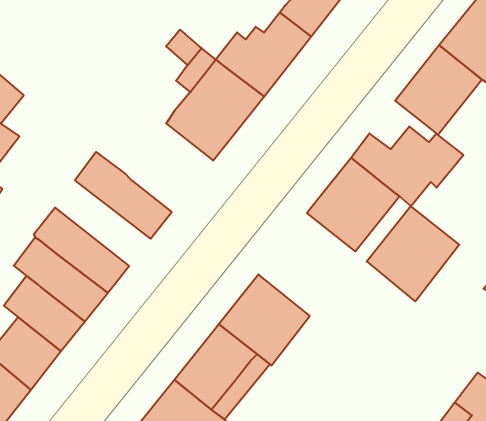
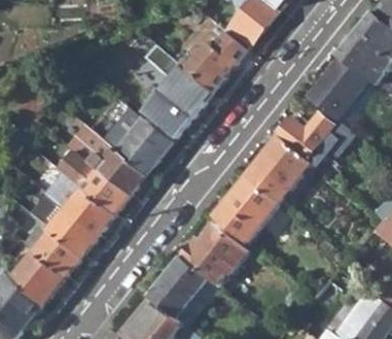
building: none -> [115,117,172,175]
building: none -> [58,150,130,214]
building: [367,206,459,301] -> [211,176,278,245]

